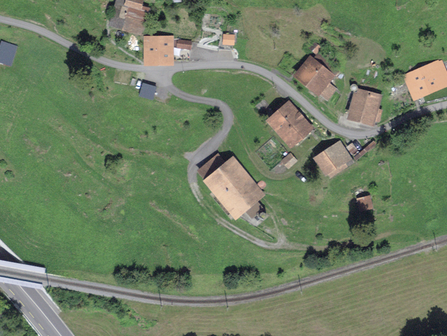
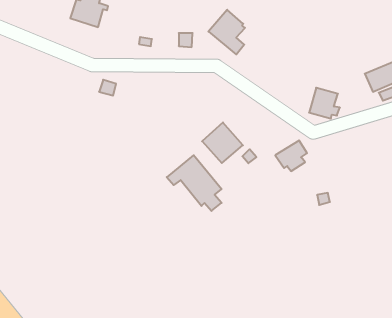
building: [146,36,169,62] -> none
building: [298,54,335,99] -> [208,10,245,54]
building: [268,103,309,144] -> [202,122,243,163]

